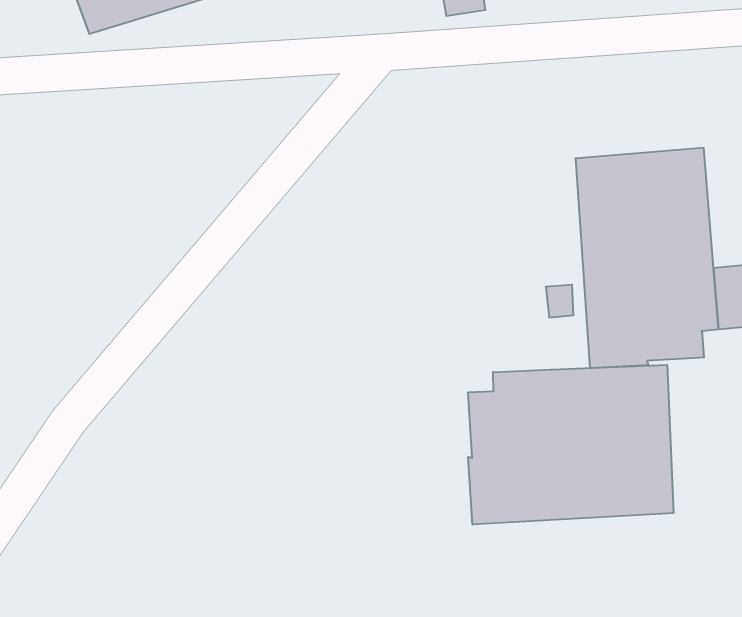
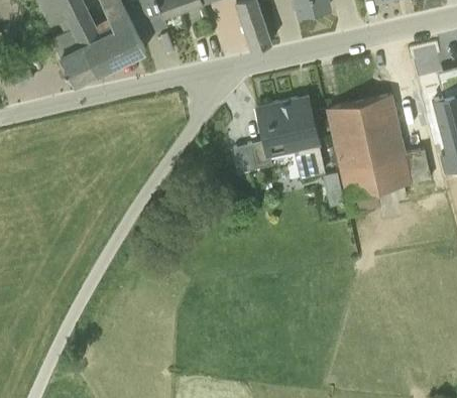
building: none -> [233,98,325,178]
building: [468,365,673,525] -> none

